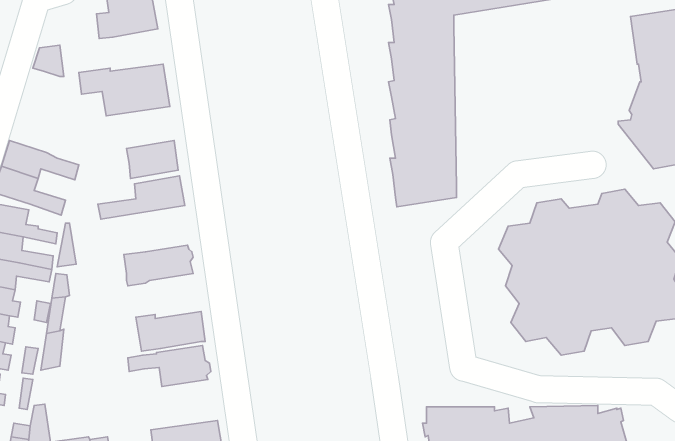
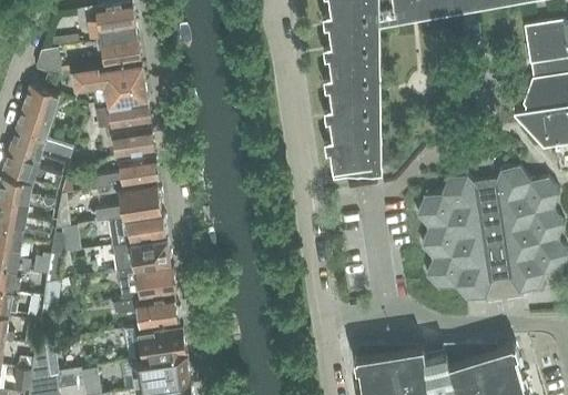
building: none -> [100,37,140,67]
building: none -> [16,87,59,138]
building: none -> [106,101,150,130]
building: none -> [94,185,161,223]
building: none -> [112,241,171,272]
building: none -> [124,326,185,363]

